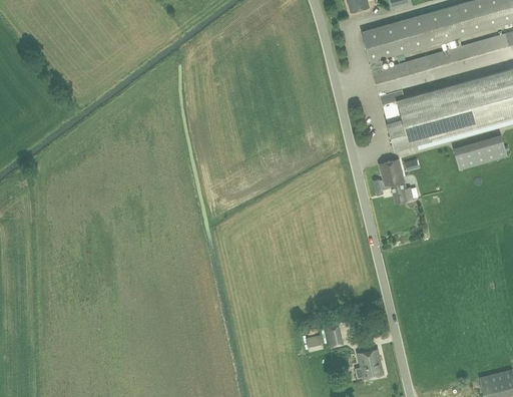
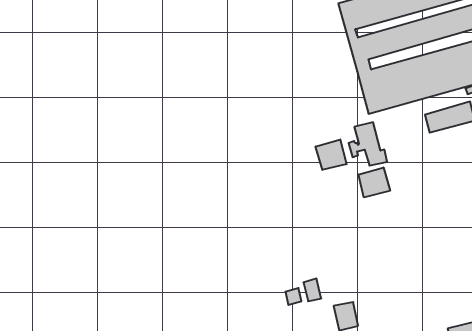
building: none -> [316,139,347,170]
building: none -> [359,167,390,197]

